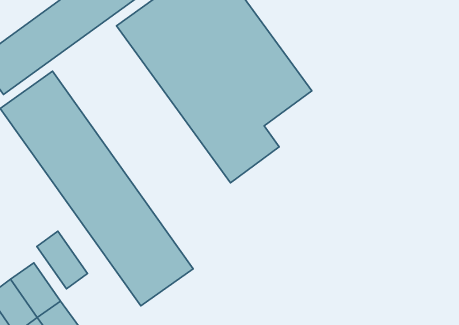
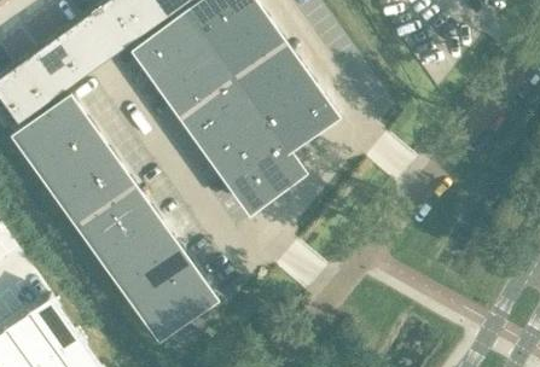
building: [37,231,88,289] -> none

